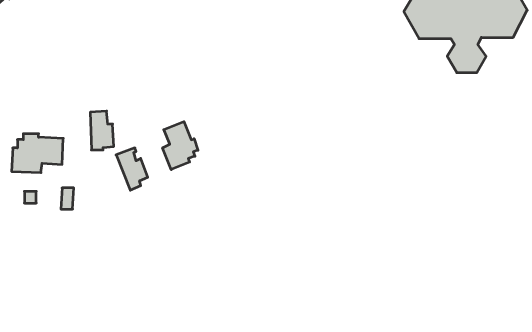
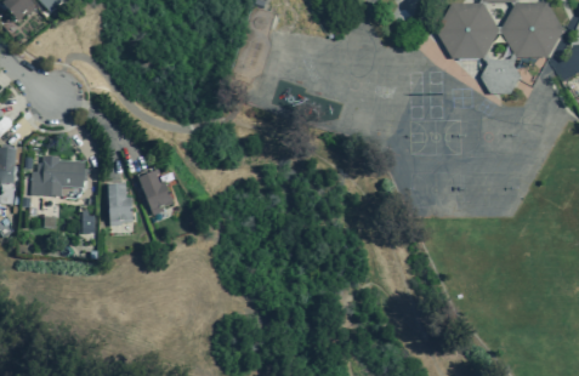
building: [90,111,114,150] -> [109,184,134,224]
building: [163,122,198,170] -> none

